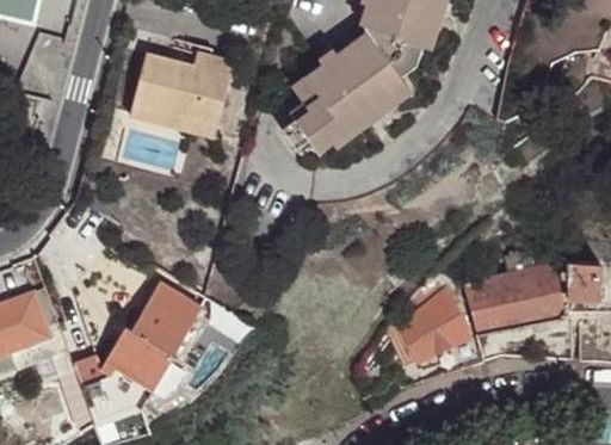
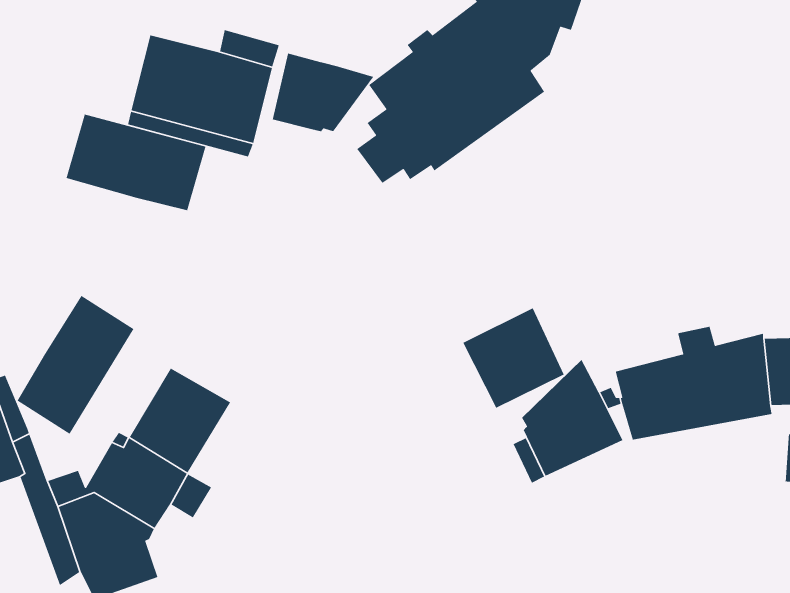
building: none -> [272,52,374,132]
building: none -> [66,114,207,211]
building: none -> [17,295,134,435]
building: none -> [462,307,565,409]

